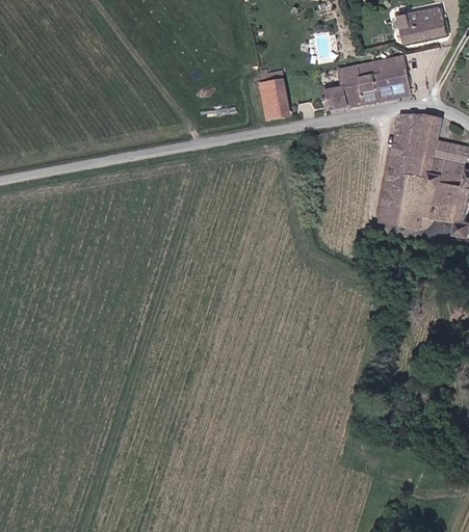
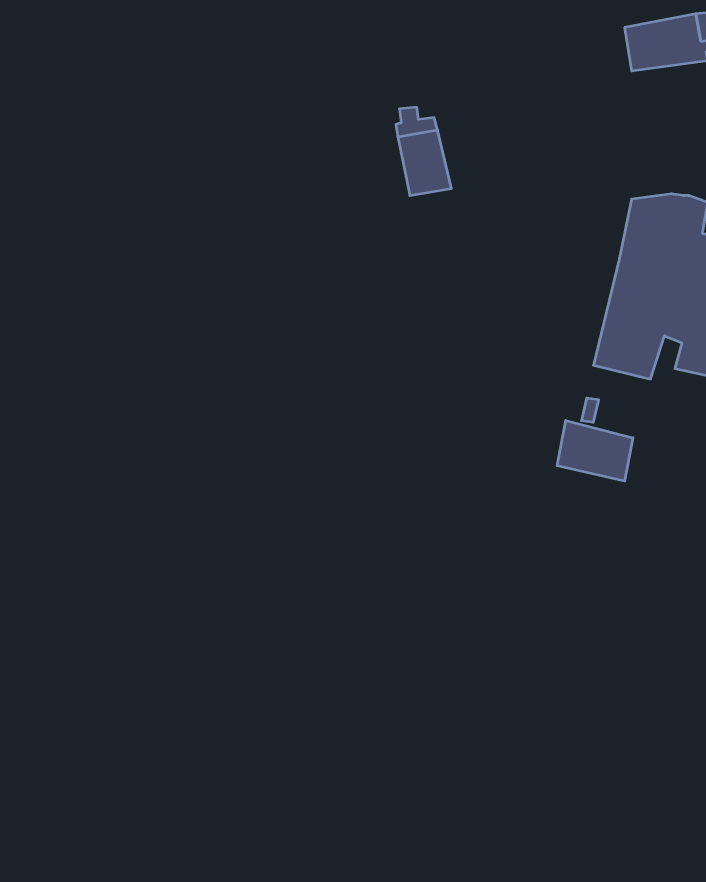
building: [323,55,410,105] -> none
building: none -> [557,420,633,481]

